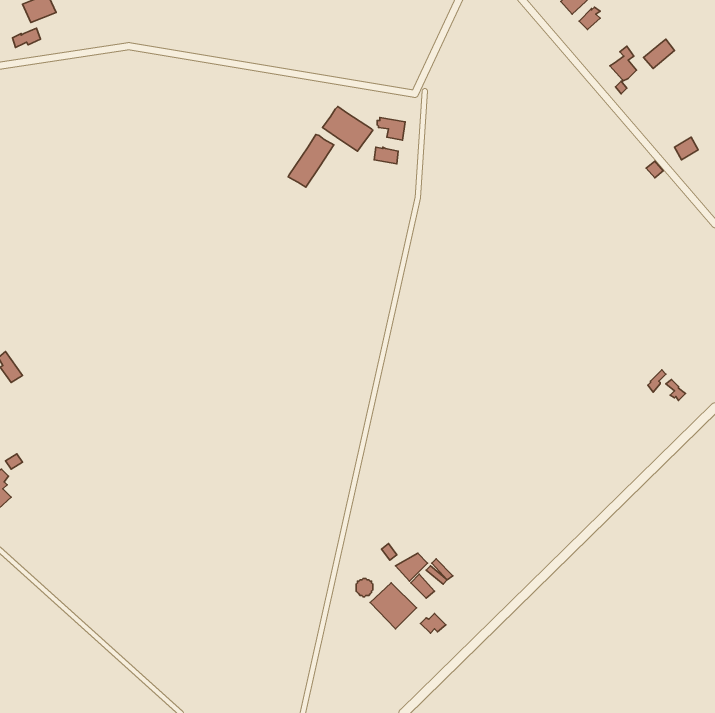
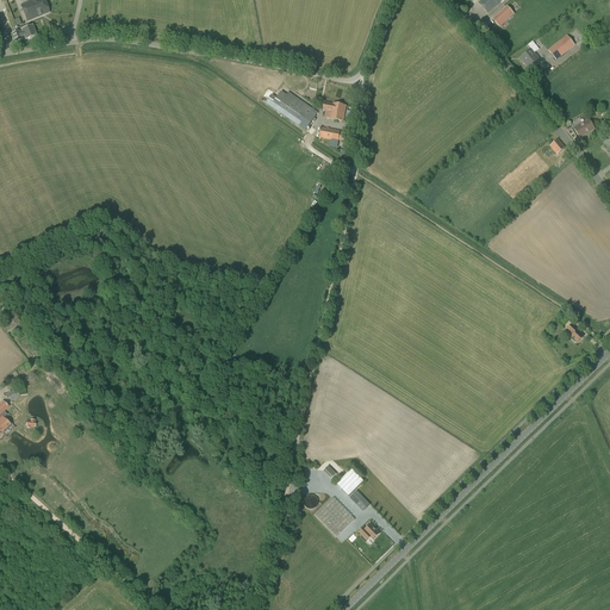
building: [288,135,334,187] -> none

